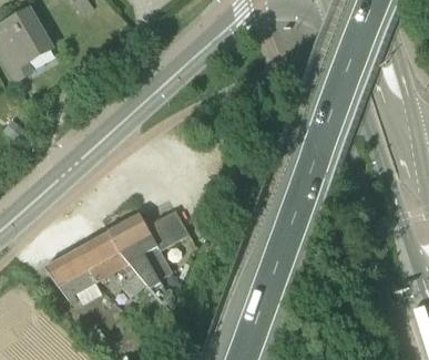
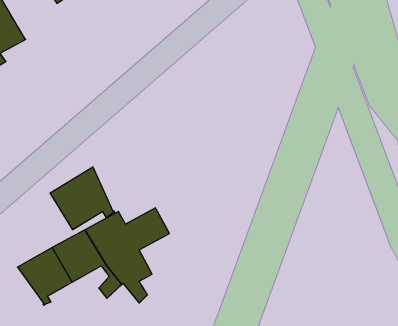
building: none -> [50,167,114,230]

